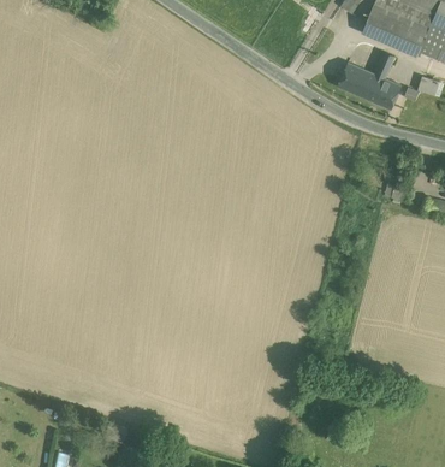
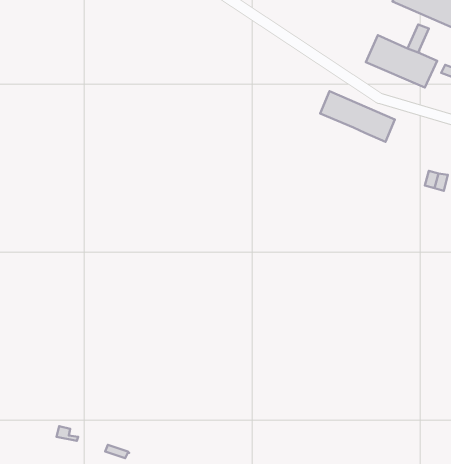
building: none -> [320,91,395,142]

